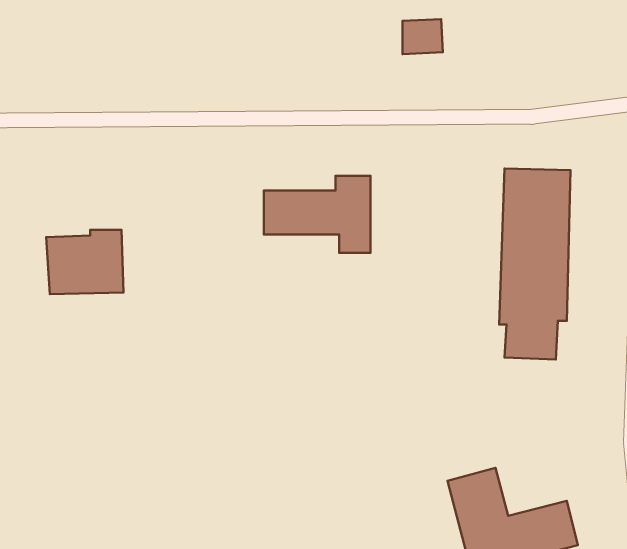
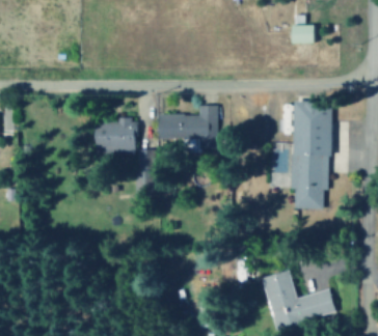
building: [403,19,443,54] -> [291,24,314,44]
building: [46,230,123,294] -> [93,118,137,155]

